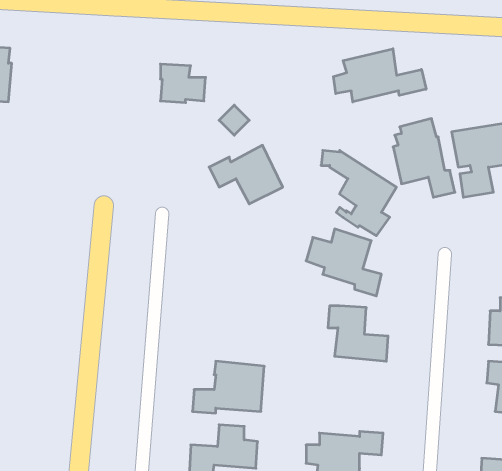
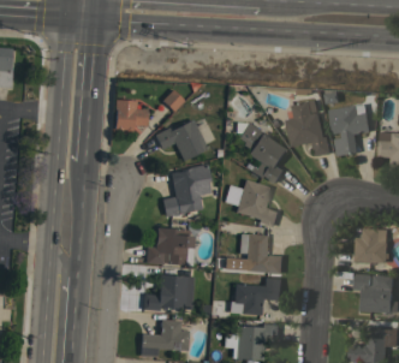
building: [333,49,426,102] -> none
building: [160,64,206,103] -> [115,100,148,127]
building: none -> [162,165,212,216]
building: none -> [145,227,195,266]
building: none -> [230,278,282,315]

